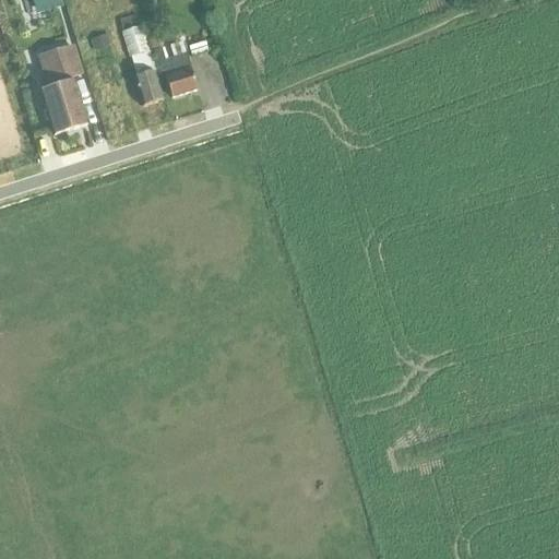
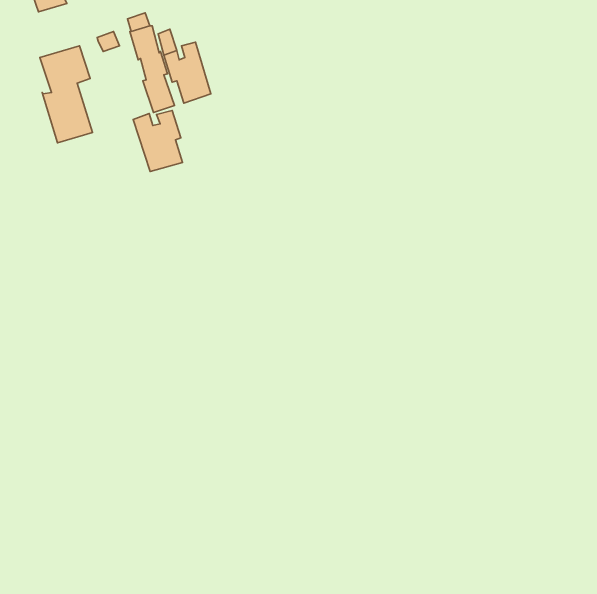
building: none -> [133,110,182,171]

